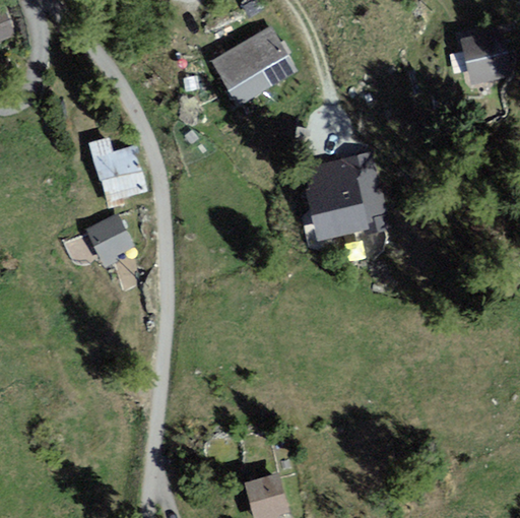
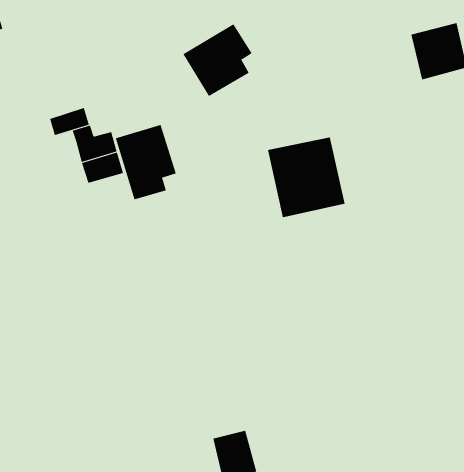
building: none -> [49,107,90,136]
building: none -> [115,124,176,200]
building: [85,212,133,266] -> none

